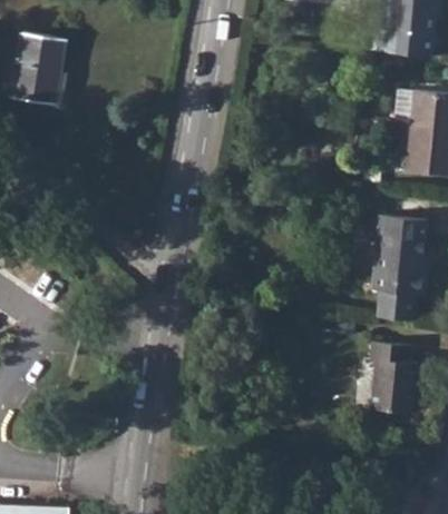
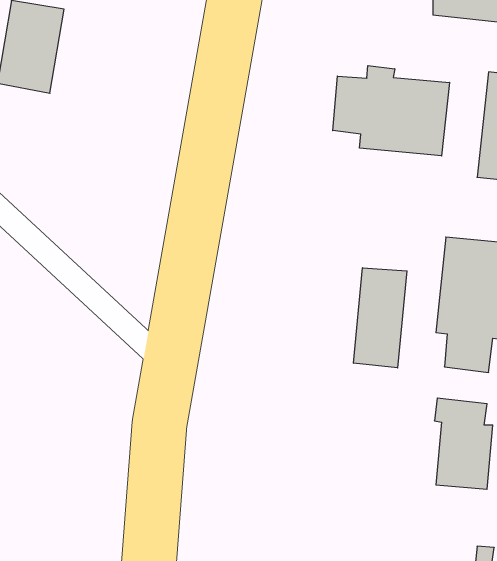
building: none -> [333,66,450,156]
building: none -> [354,268,407,368]

